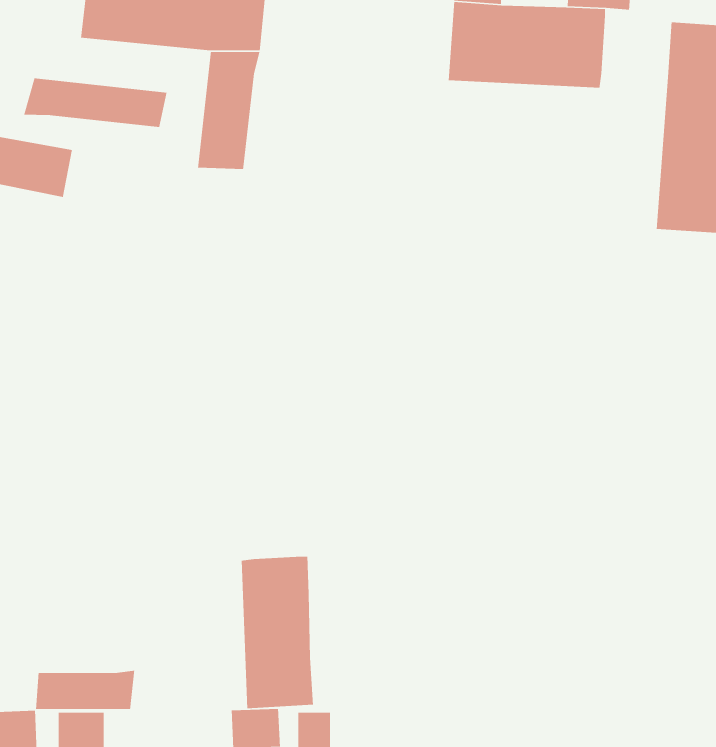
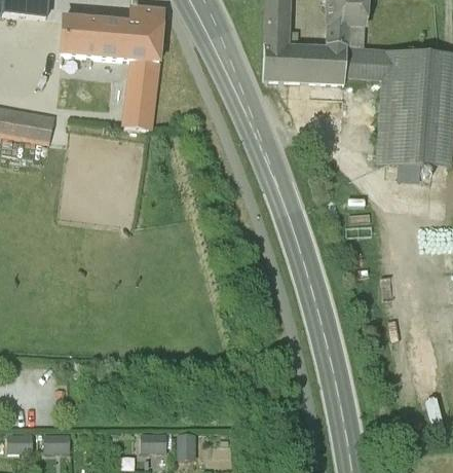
building: none -> [346,44,384,78]
building: [23,77,168,128] -> none
building: [241,556,314,709] -> none
building: [35,670,135,710] -> none

